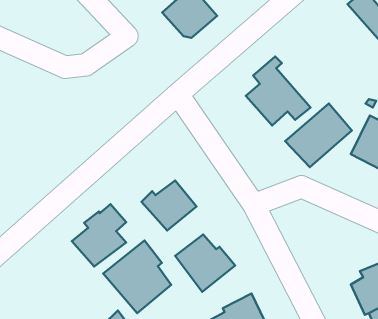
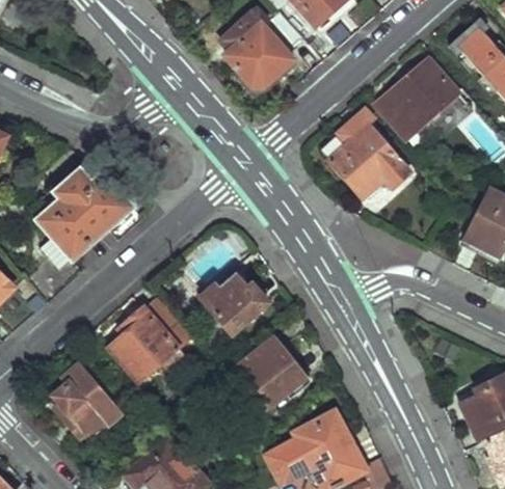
building: none -> [24,167,132,301]
building: [285,103,352,167] -> [376,59,460,140]
building: [103,241,171,313] -> none
building: none -> [52,370,111,435]

